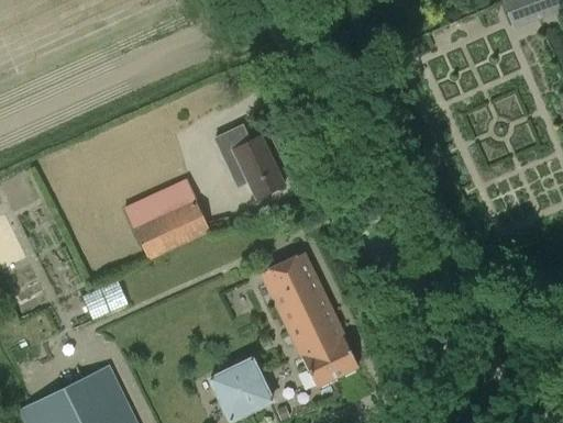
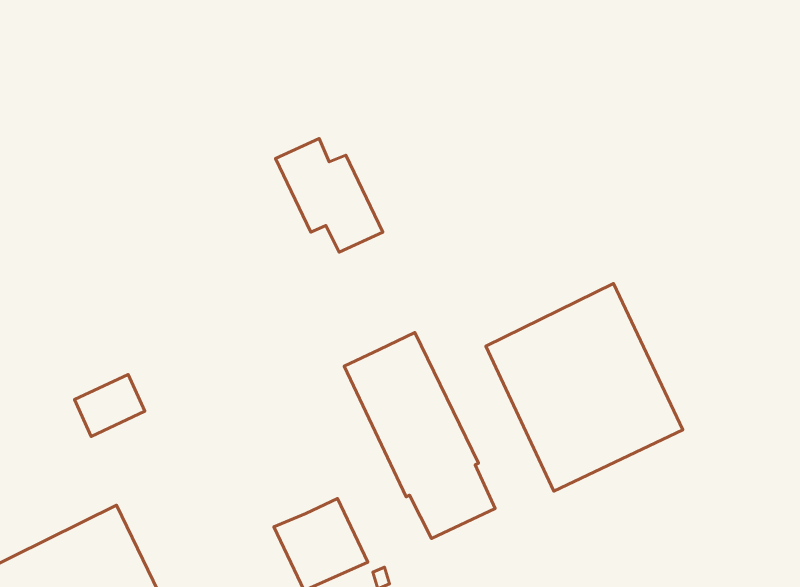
building: [124,177,211,259] -> none
building: none -> [486,283,683,491]

